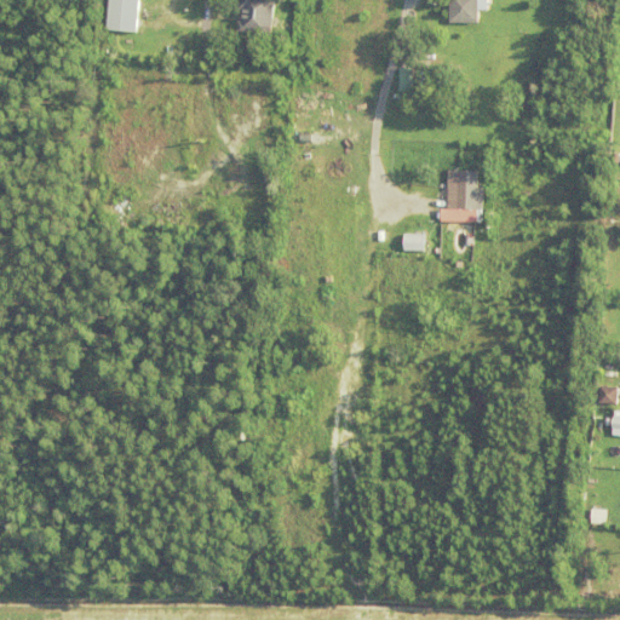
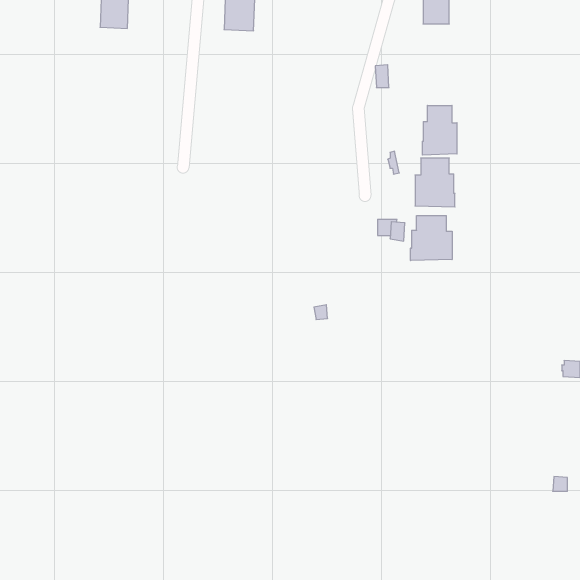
building: none -> [422,105,457,155]
building: none -> [411,216,452,261]

